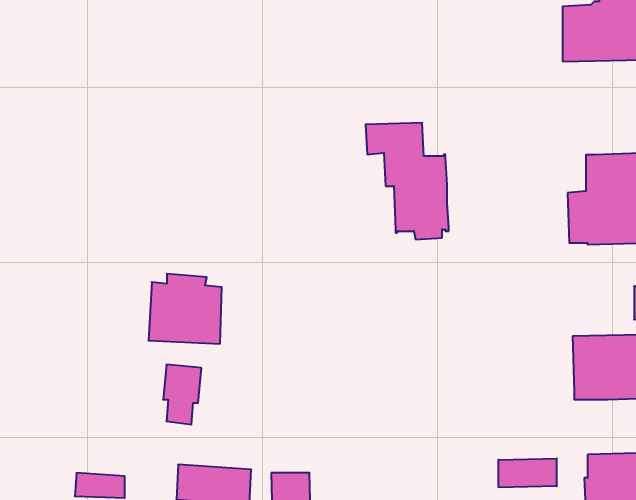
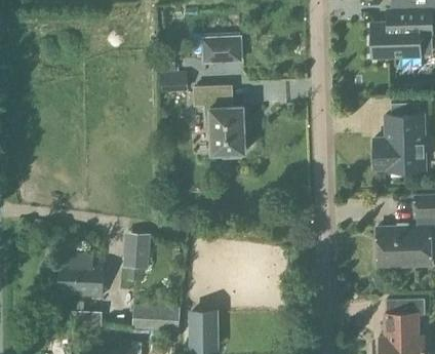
building: none -> [201,35,243,65]
building: [366,123,449,239] -> [194,86,245,158]
building: [148,274,222,344] -> [58,253,104,297]
building: [498,458,557,487] -> none

